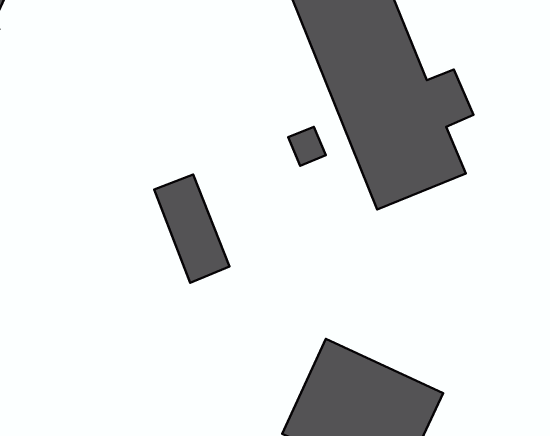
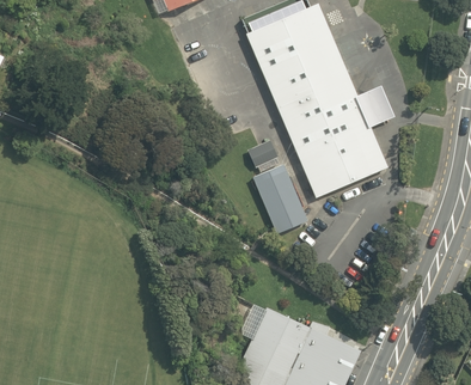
building: [154,175,229,283] -> [246,161,306,248]

